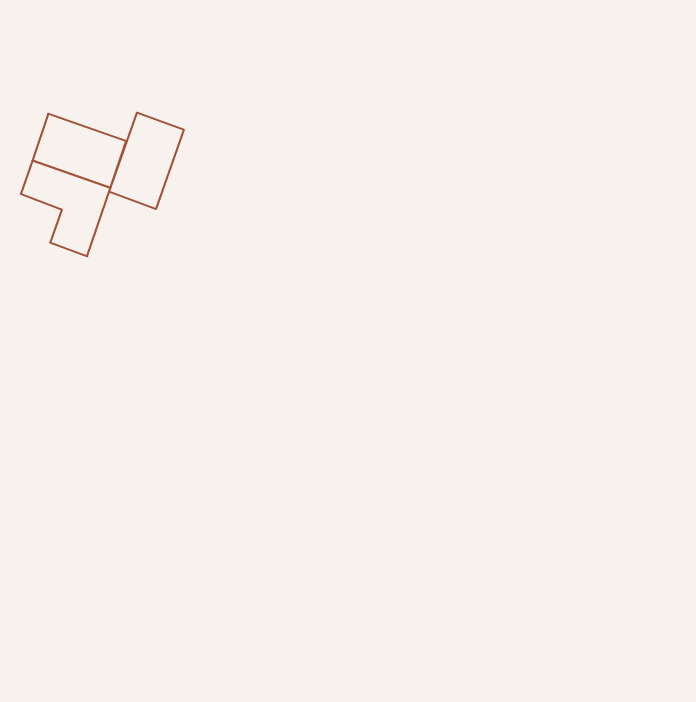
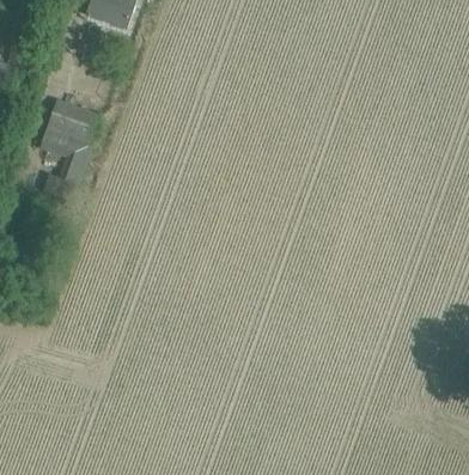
building: [109,113,184,209] -> none

